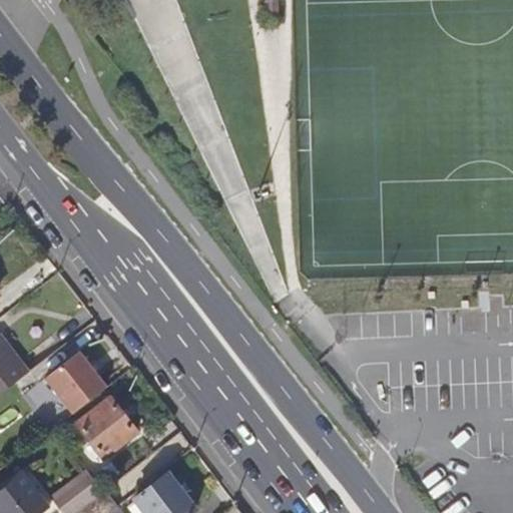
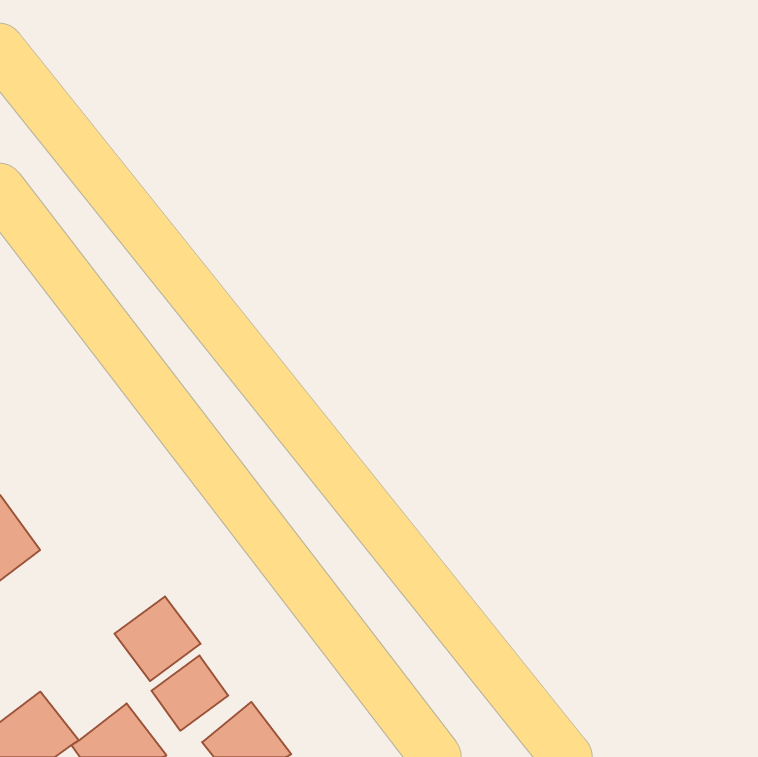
building: [44,352,105,413] -> none
building: none -> [151,655,228,731]

